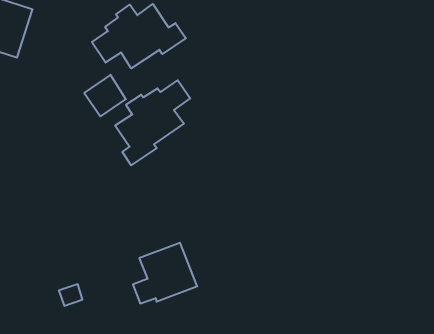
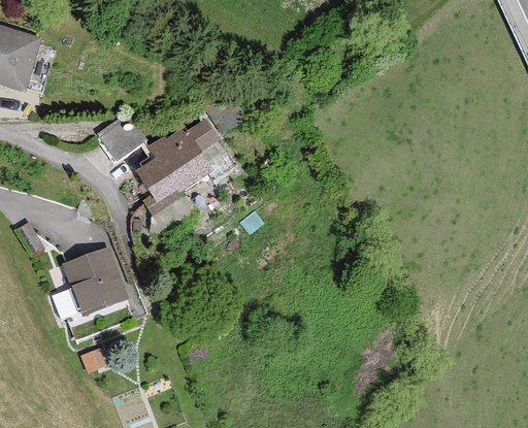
building: [92,4,186,68] -> none
building: [133,243,197,303] -> [45,252,119,321]

